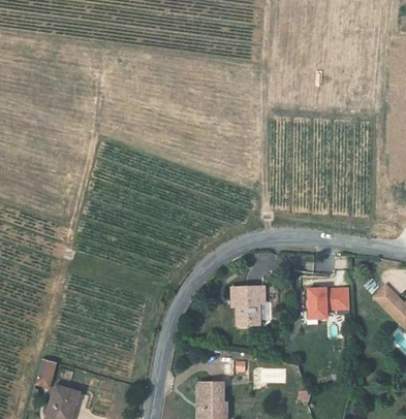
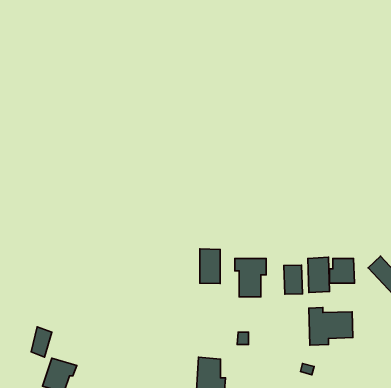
building: none -> [200,249,220,283]
building: none -> [284,265,302,294]
building: none -> [309,308,353,345]

